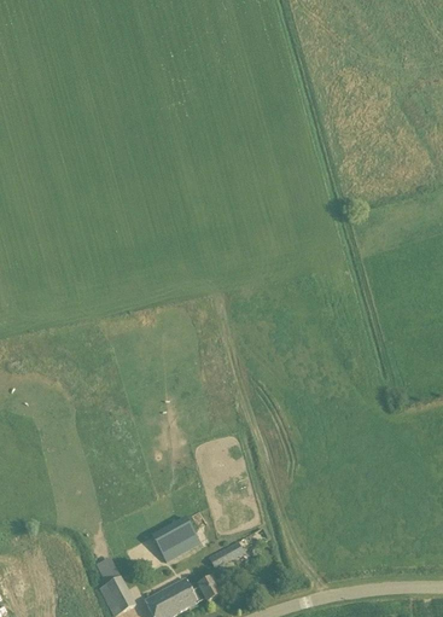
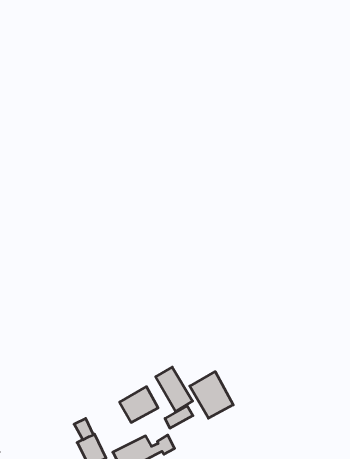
building: none -> [156,367,193,412]
building: none -> [190,372,233,418]

